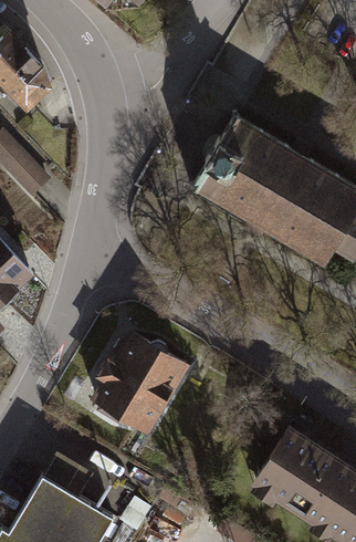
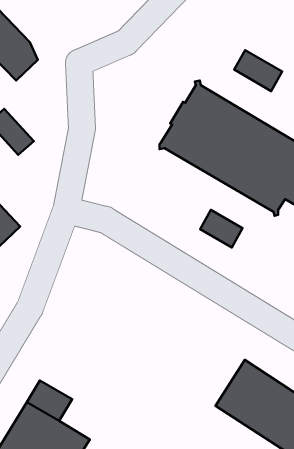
building: none -> [234,50,282,91]
building: none -> [200,210,243,248]
building: [95,334,182,426] -> none

